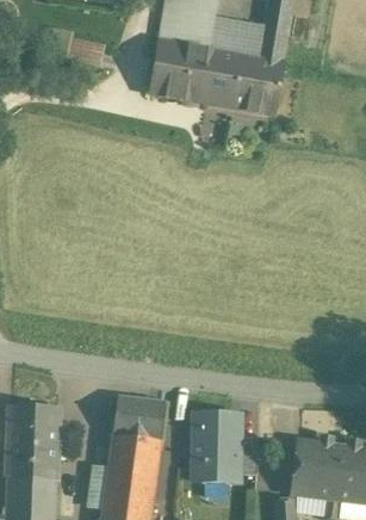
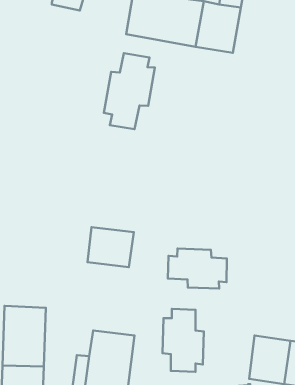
building: none -> [104,53,155,129]
building: none -> [168,249,227,288]
building: [112,394,166,440] -> [87,227,134,267]

